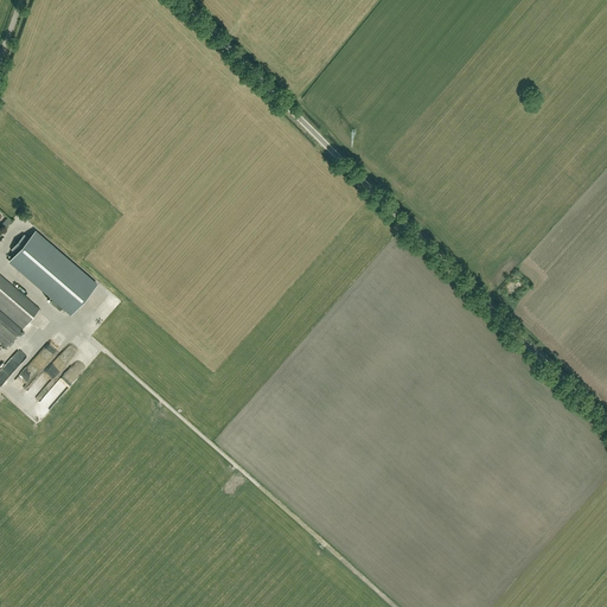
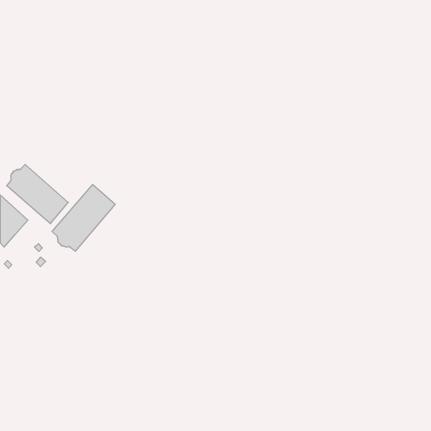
building: none -> [52,185,115,251]

